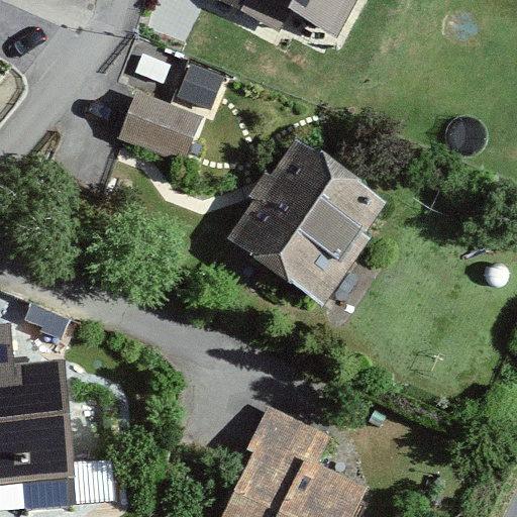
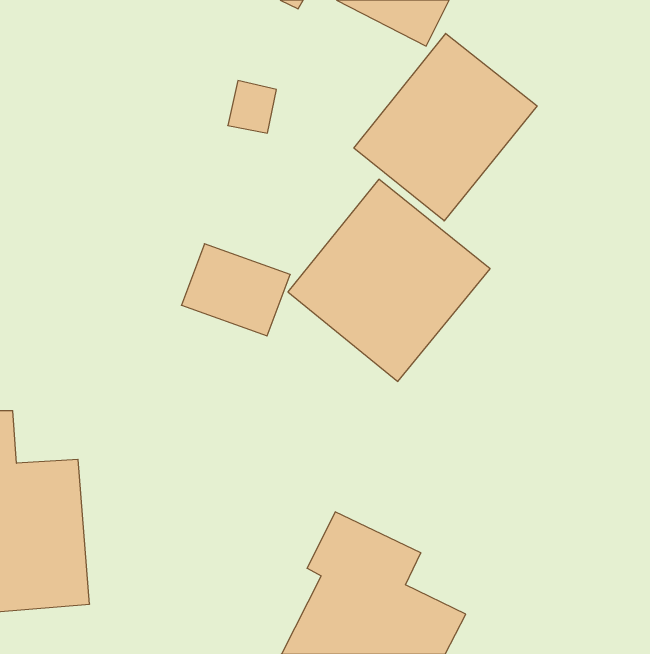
building: none -> [354,33,537,221]
building: [116,91,202,164] -> [181,244,290,336]

